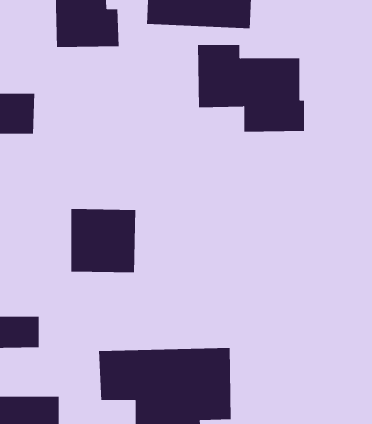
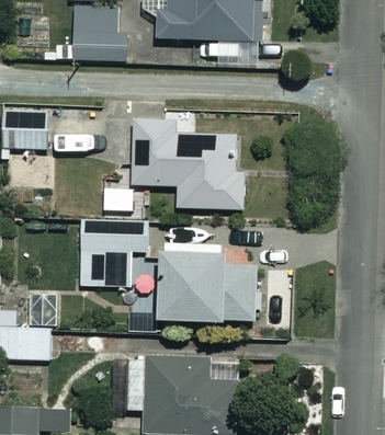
building: [197,45,305,132] -> [132,123,238,209]
building: none -> [159,244,256,327]

